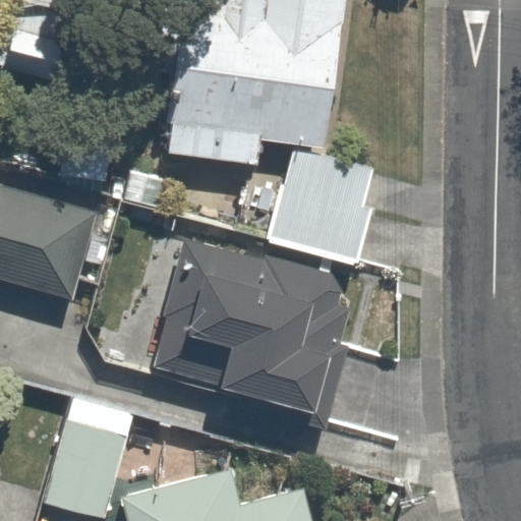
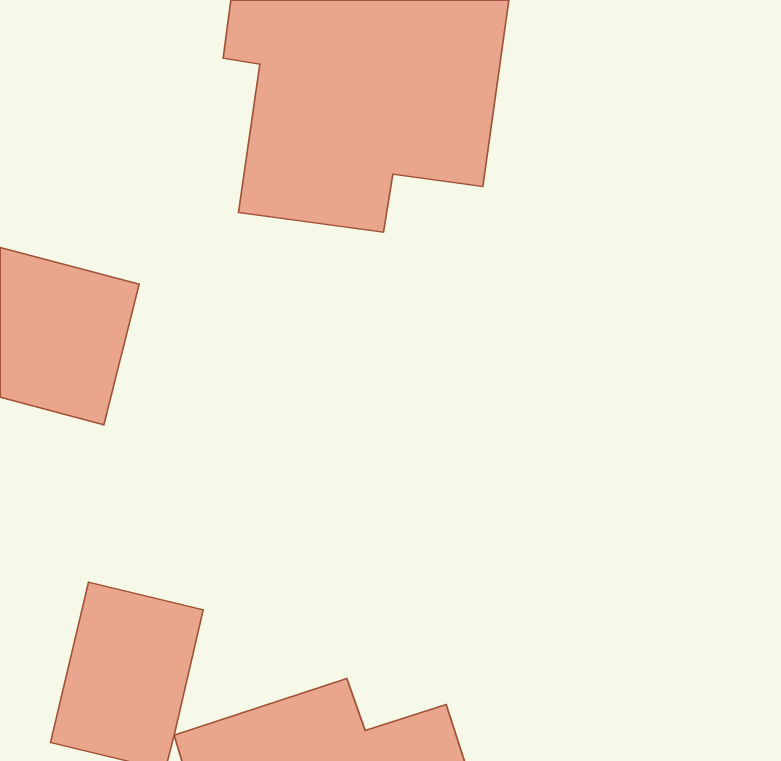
building: [265,149,379,266] -> none
building: [167,240,349,406] -> none

